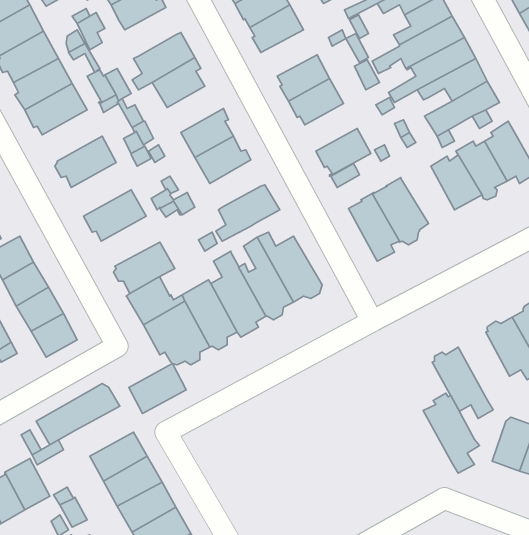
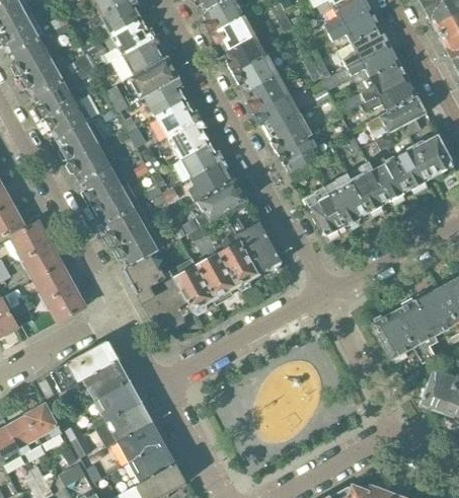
building: none -> [122,35,163,75]
building: none -> [232,54,278,91]
building: none -> [156,99,202,137]
building: none -> [267,114,310,152]
building: none -> [55,119,103,160]
building: none -> [190,159,232,198]
building: none -> [346,160,389,217]
building: none -> [78,161,127,205]
building: none -> [102,205,150,245]
building: [129,364,186,414] -> [82,359,129,400]
building: [423,393,480,473] -> [392,297,438,362]

